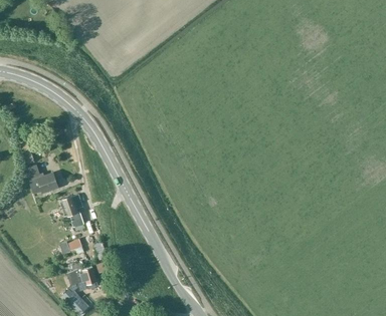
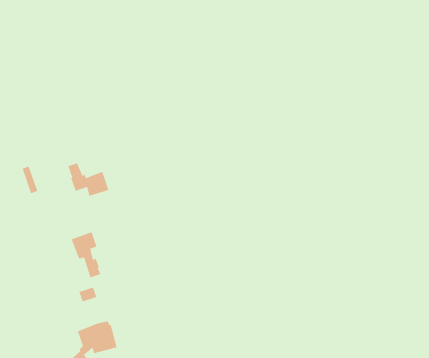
building: [26,168,59,195] -> [68,162,109,196]

